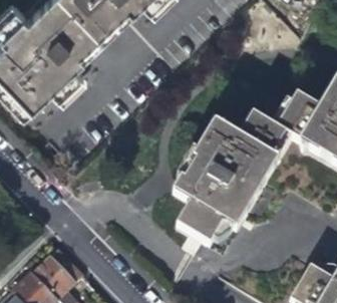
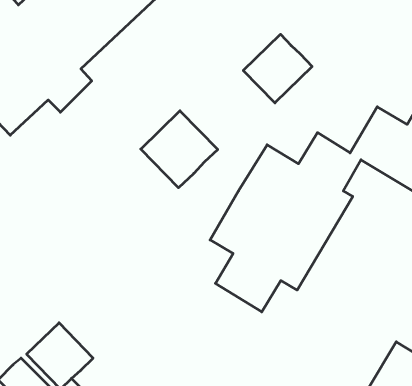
building: none -> [243,34,312,103]
building: none -> [141,111,218,188]

